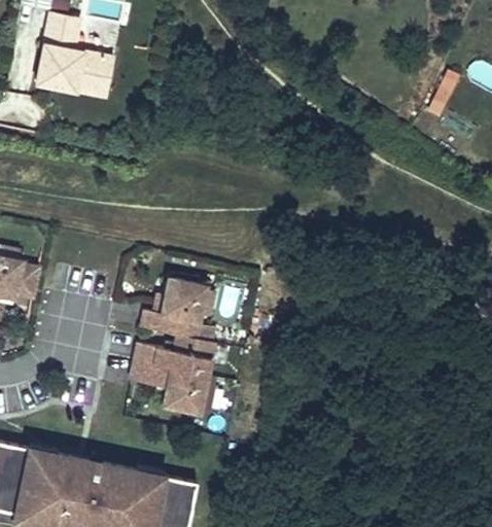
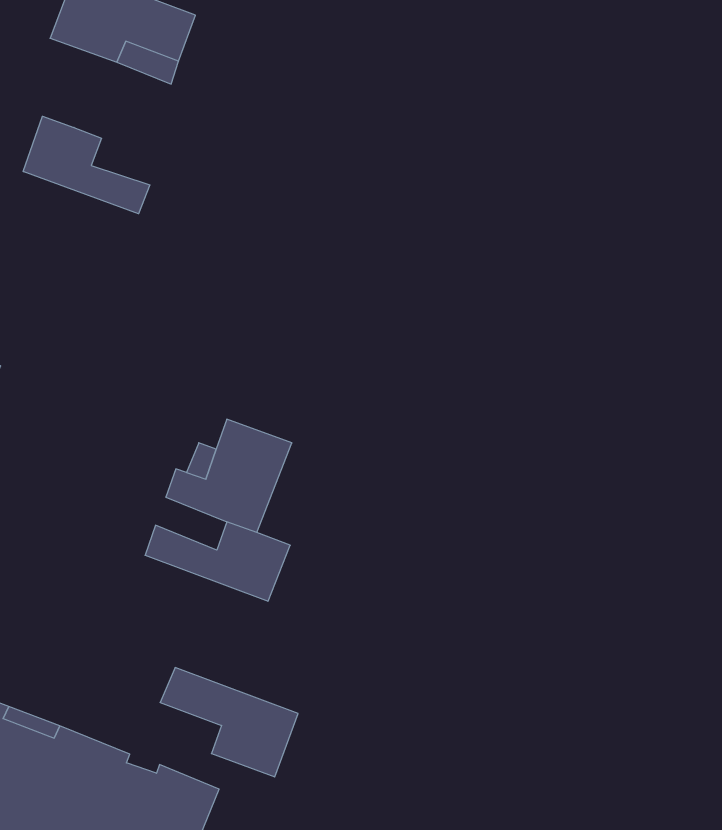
building: none -> [23,116,150,214]
building: [130,361,207,413] -> [160,668,298,777]

